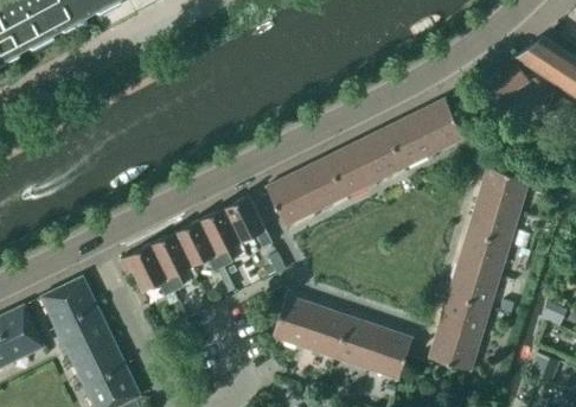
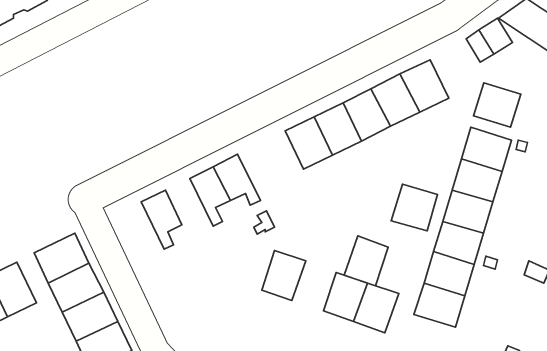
building: none -> [474,83,521,127]
building: [265,172,315,227] -> none
building: [174,221,223,274] -> none
building: none -> [391,184,438,231]
building: [124,244,173,298] -> none
building: [303,305,348,356] -> [344,236,388,286]

